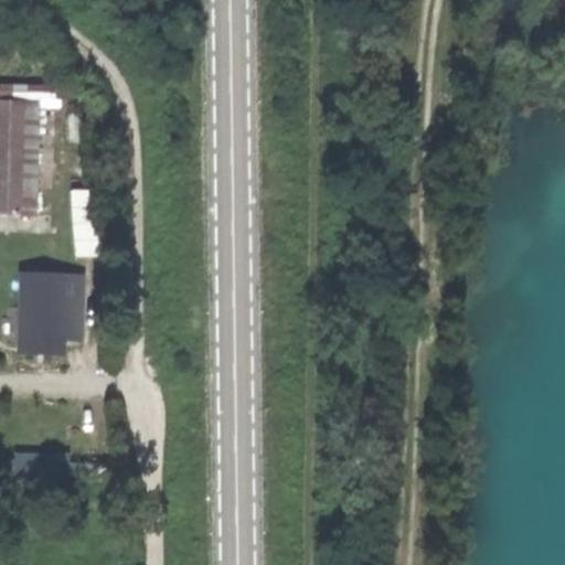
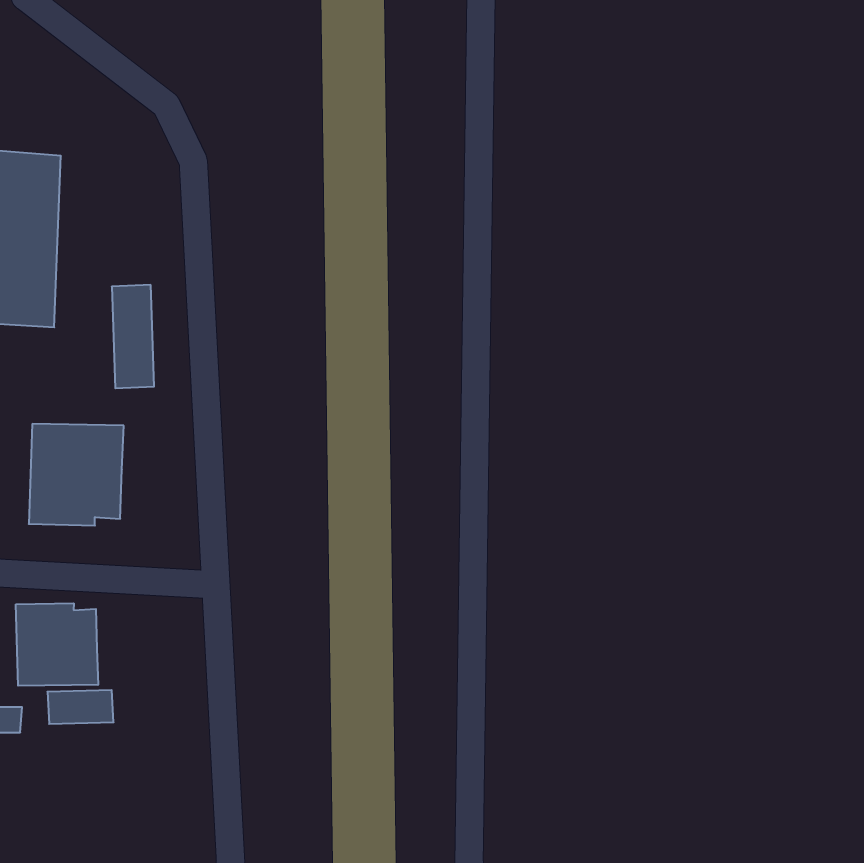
building: none -> [16,603,98,686]

